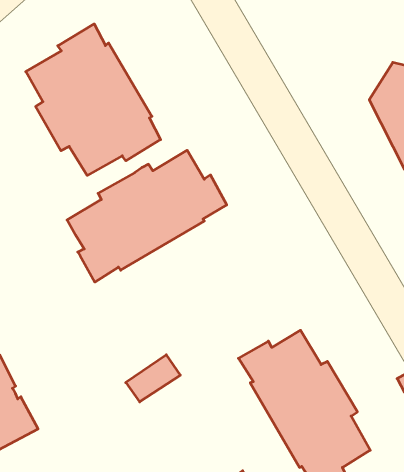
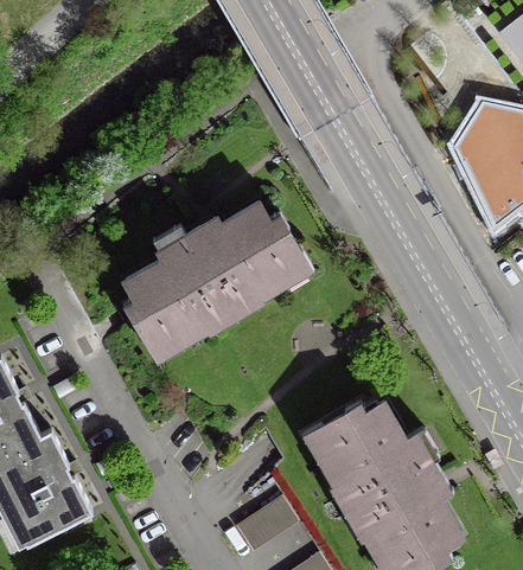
building: [26,24,161,175] -> none
building: [126,355,180,402] -> [237,500,298,552]

